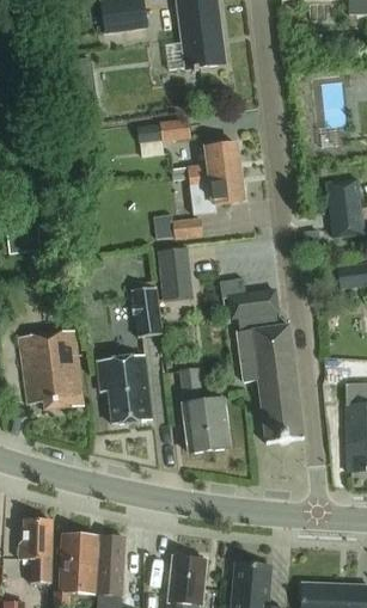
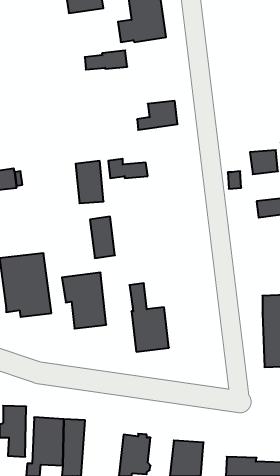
building: [137,118,190,142] -> [85,50,127,70]
building: [190,171,243,214] -> none
building: [325,176,361,205] -> none
building: [157,246,191,299] -> [76,161,104,203]
building: [220,277,302,443] -> none

